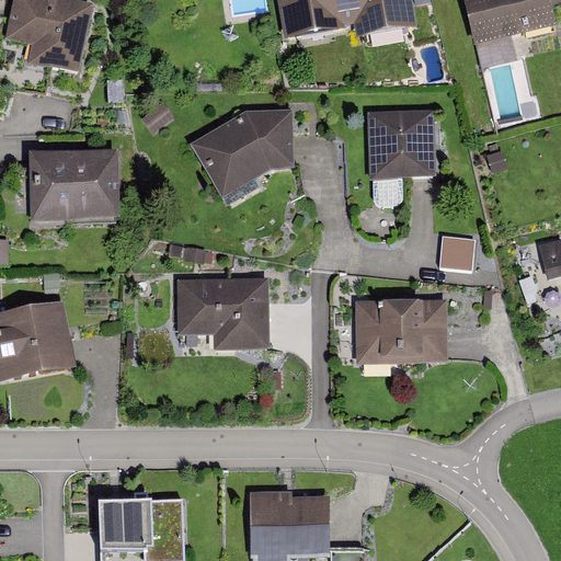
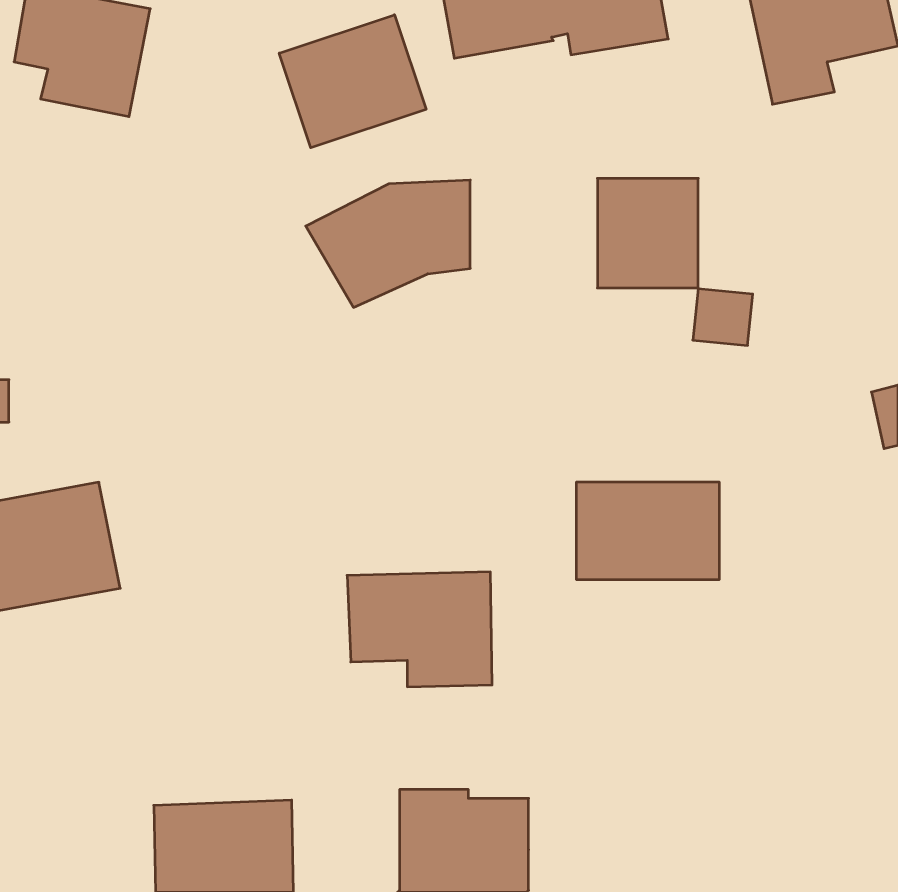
building: none -> [279,15,426,148]
building: [31,156,117,216] -> none
building: [436,233,473,268] -> [693,289,753,345]
building: [179,278,268,350] -> [347,572,492,687]

